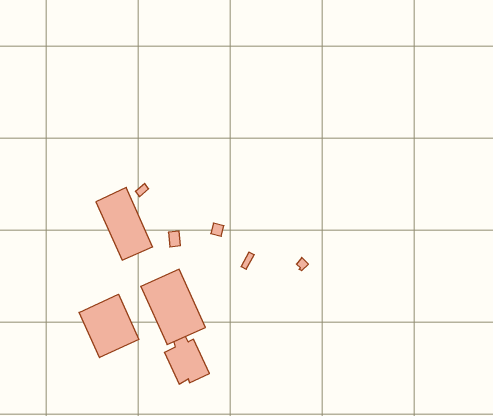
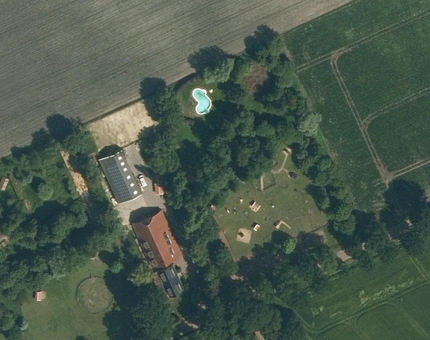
building: [79,294,139,358] -> none

